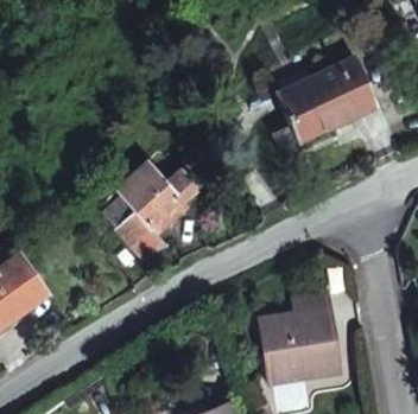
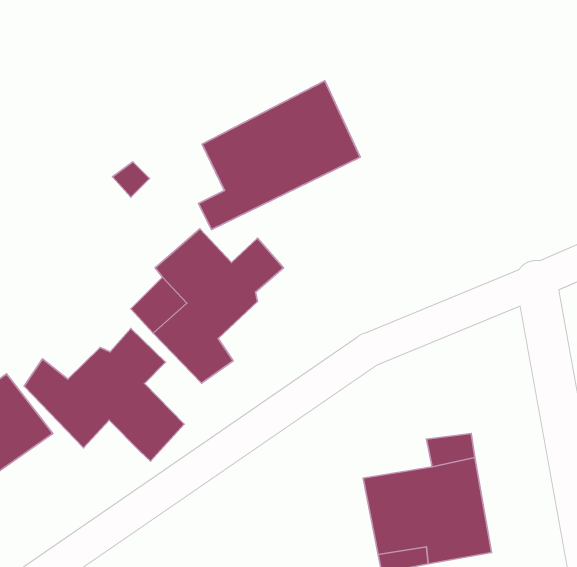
building: [267,59,370,154] -> [199,81,360,230]
building: none -> [24,328,184,461]

